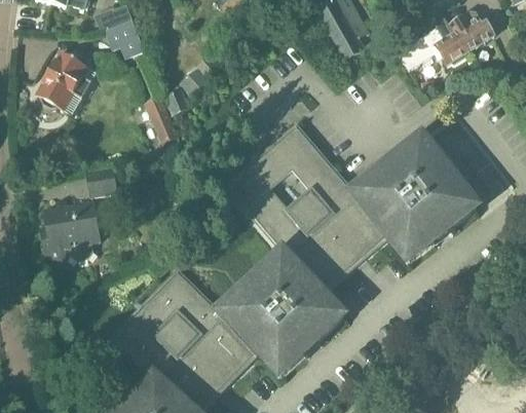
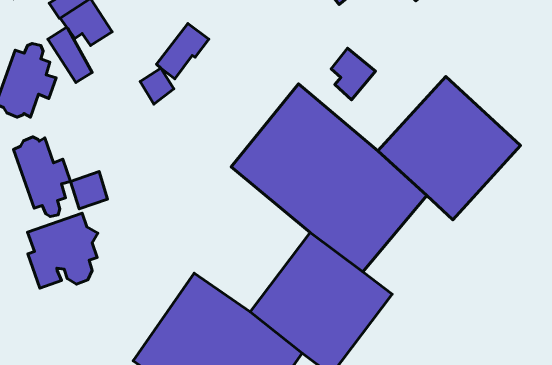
building: [143,96,176,144] -> [48,28,92,83]
building: none -> [331,48,375,100]
building: none -> [13,137,71,216]

